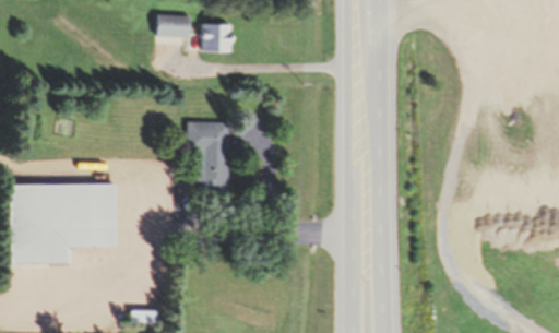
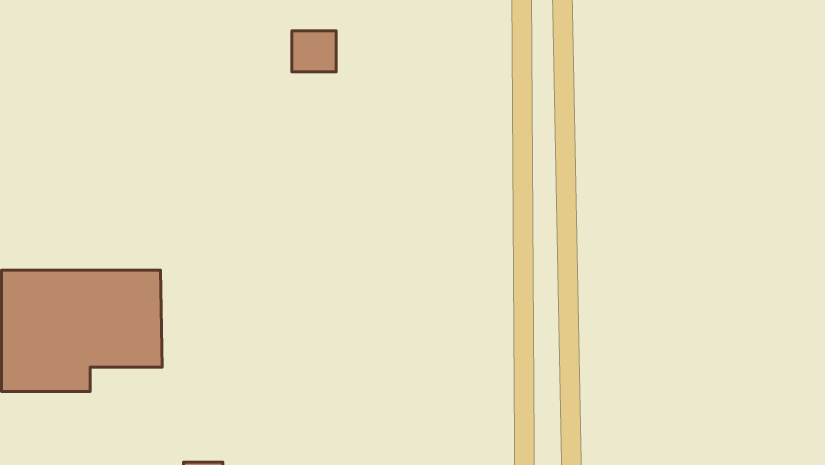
building: [157,14,190,36] -> none
building: [187,120,229,190] -> none

